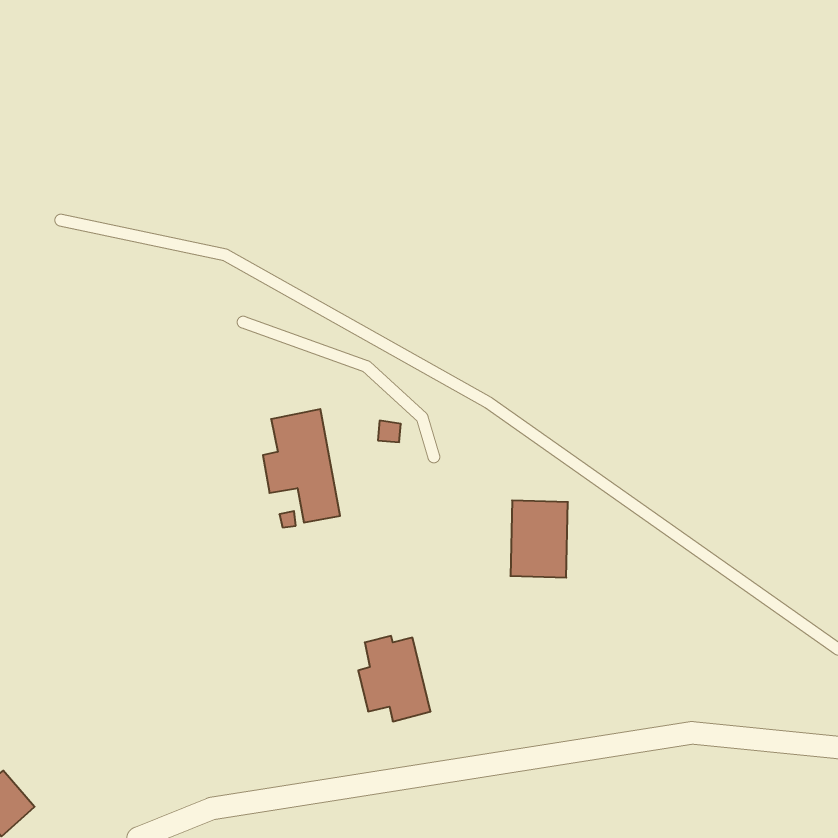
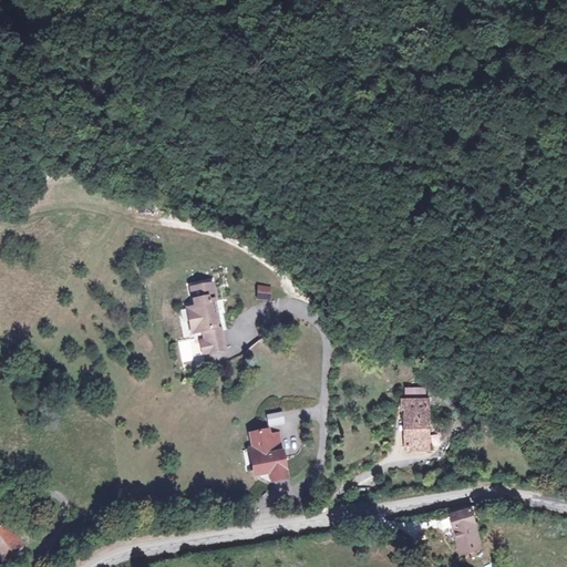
building: [510,500,568,578] -> [393,395,432,447]
building: none -> [445,511,484,555]

